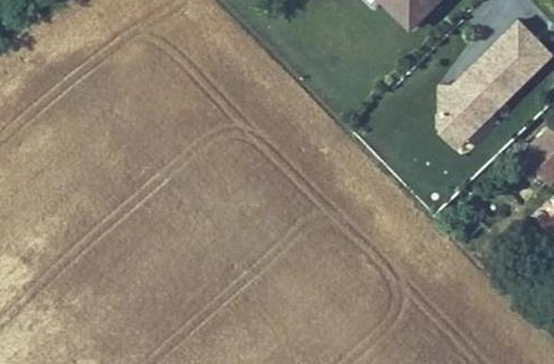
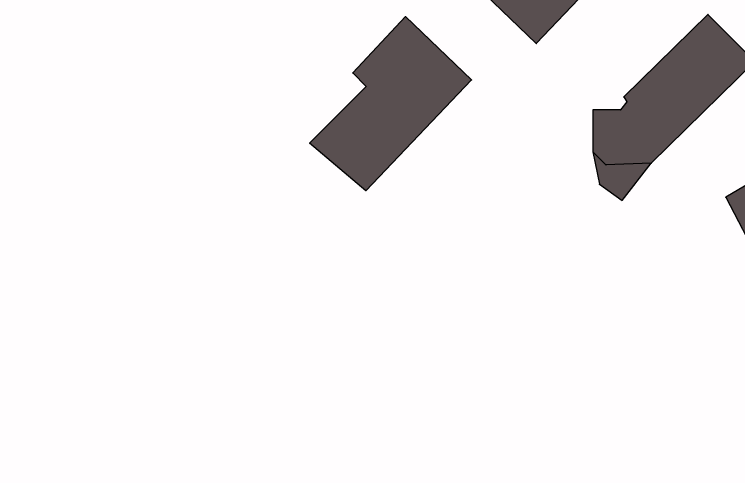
building: none -> [310,17,472,191]

